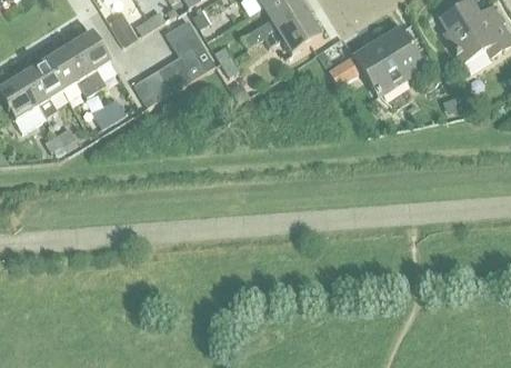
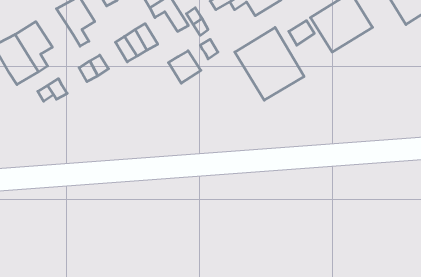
building: [43,44,93,92] -> none
building: [167,48,203,84] -> [168,51,201,83]
building: none -> [235,27,304,100]

